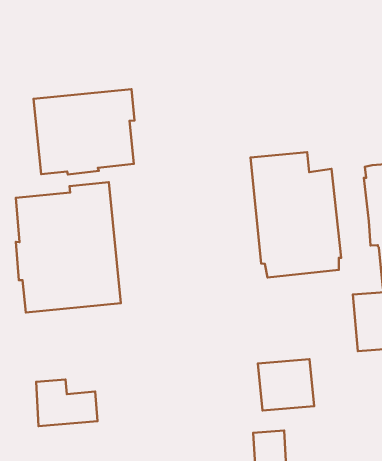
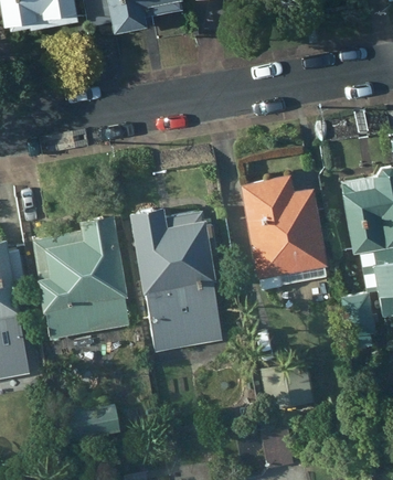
building: [34,89,134,174] -> none
building: none -> [128,204,226,351]

